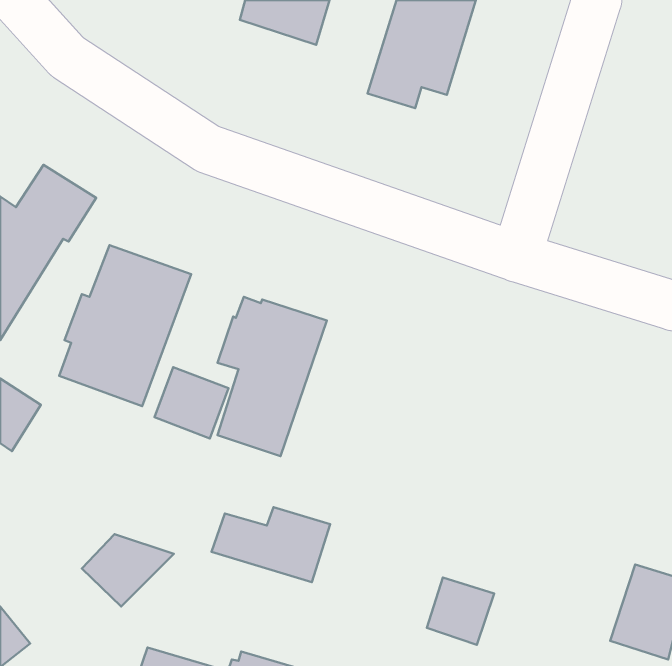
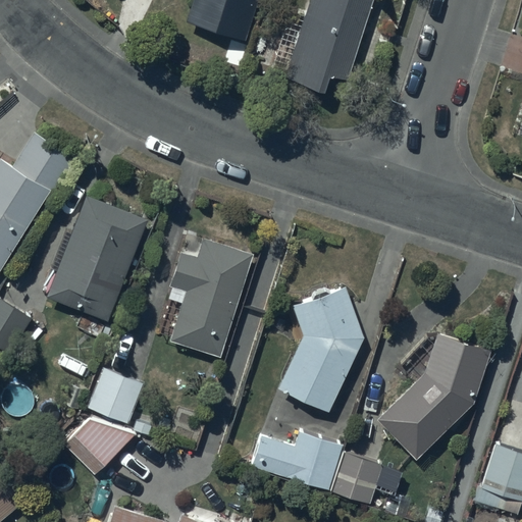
building: none -> [277,286,364,412]
building: [155,367,228,438] -> [87,369,144,424]
building: none -> [376,326,492,460]
building: [212,507,330,582] -> [251,432,343,490]

